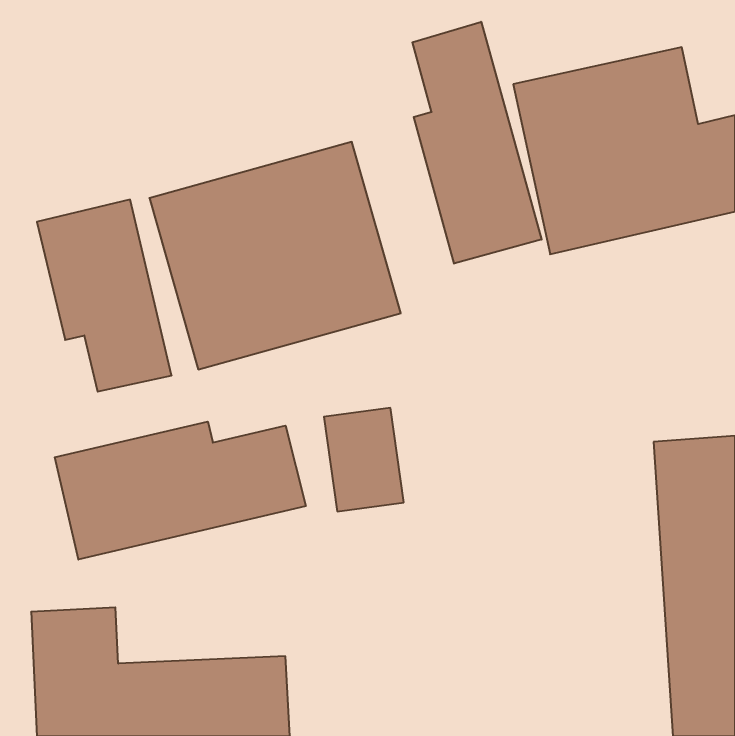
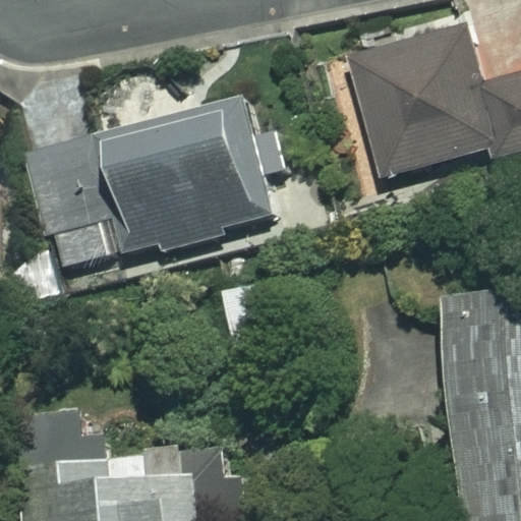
building: [412,22,542,264] -> none
building: [55,422,306,560] -> none

